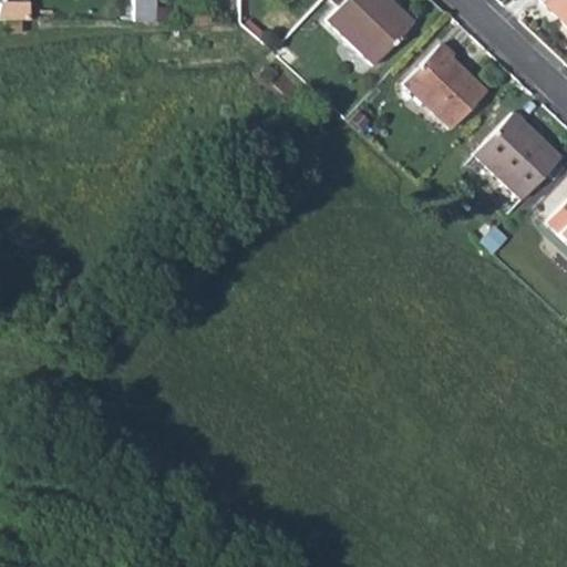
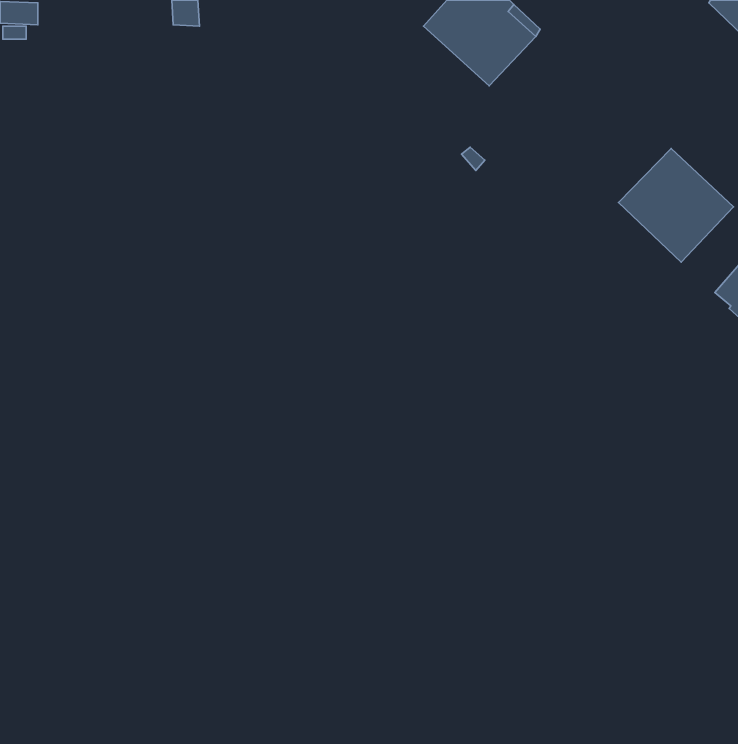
building: [403,43,487,128] -> none

